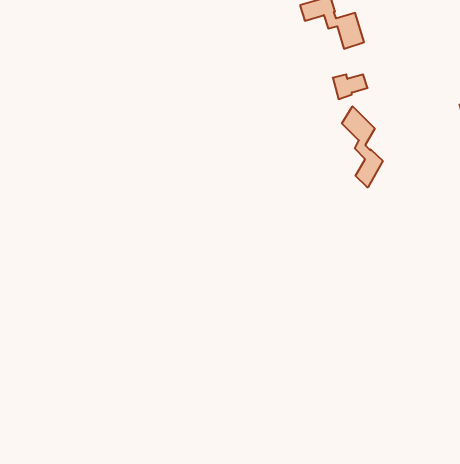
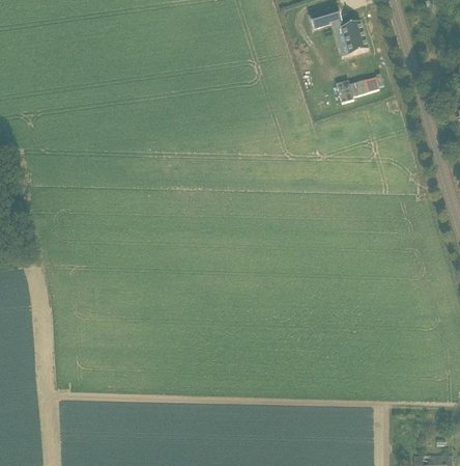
building: [342,106,383,187] -> none

